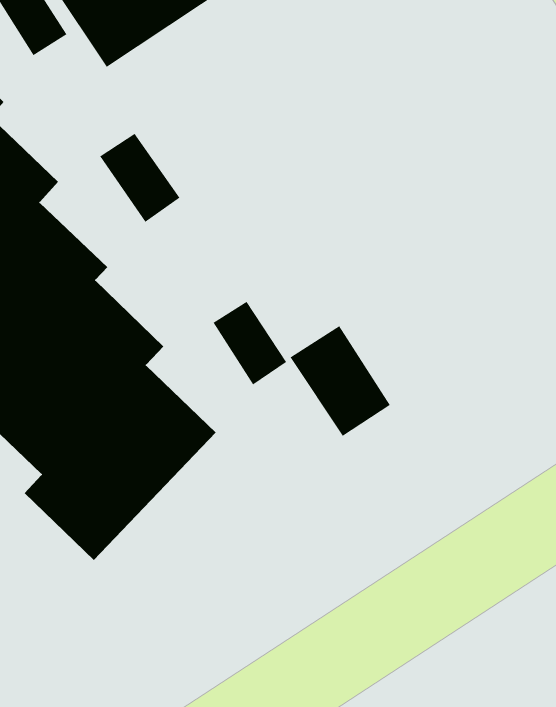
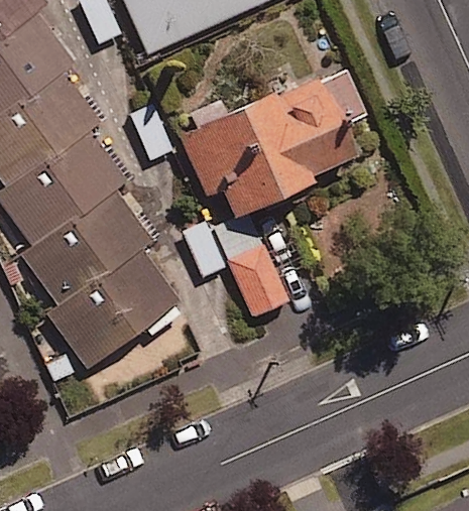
building: none -> [179,79,350,211]

